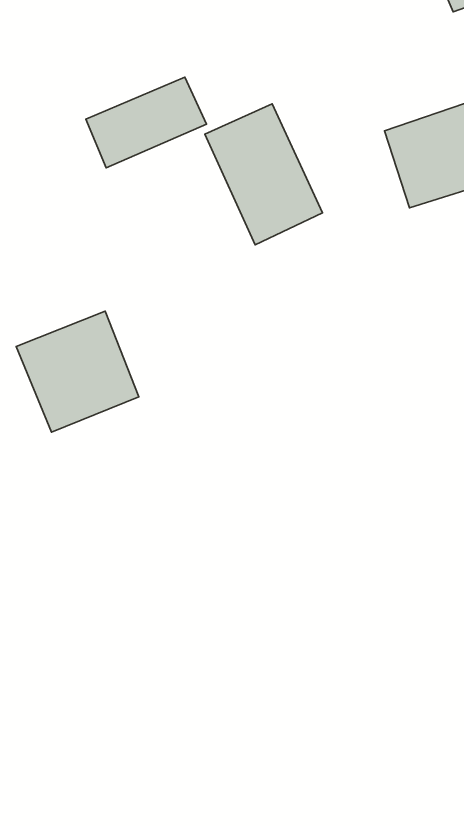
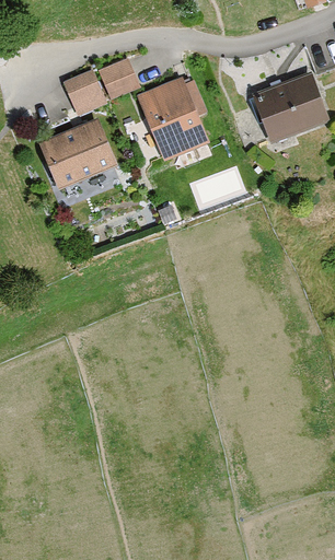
building: [16,311,139,432] -> [35,115,115,194]

